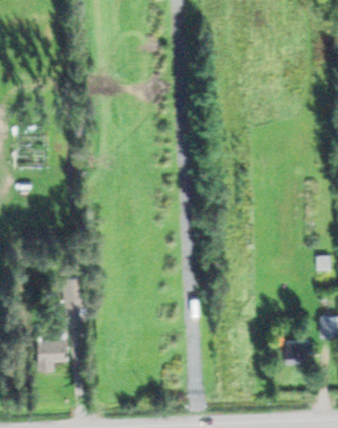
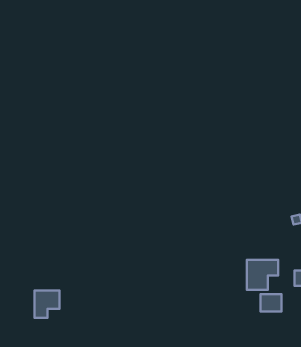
building: none -> [247,260,278,290]

